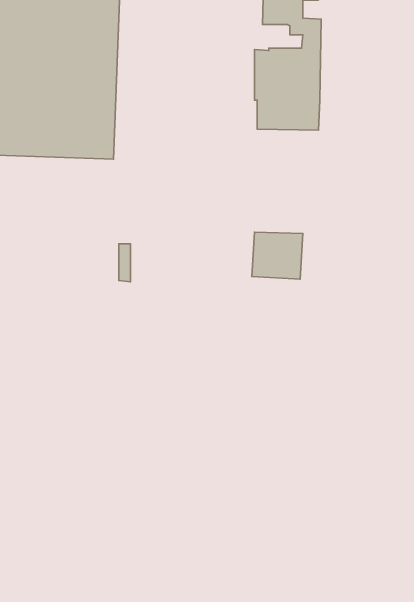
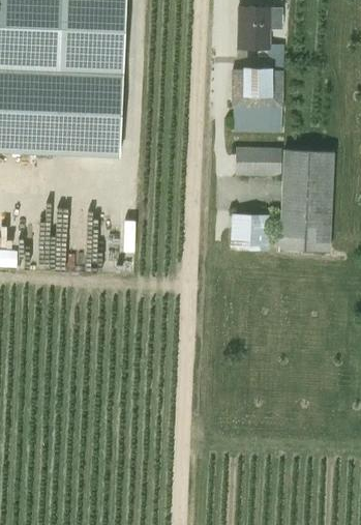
building: none -> [235,147,334,252]

